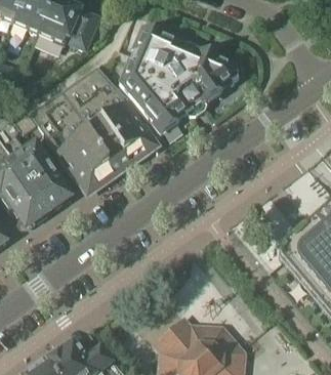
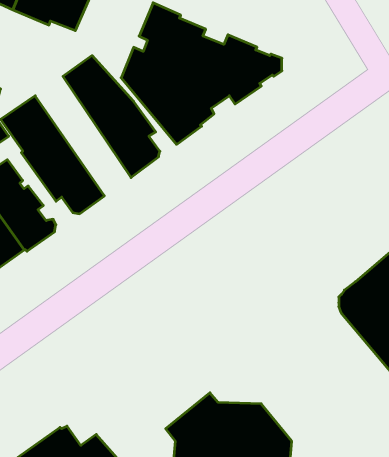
building: [56,82,127,170] -> none

